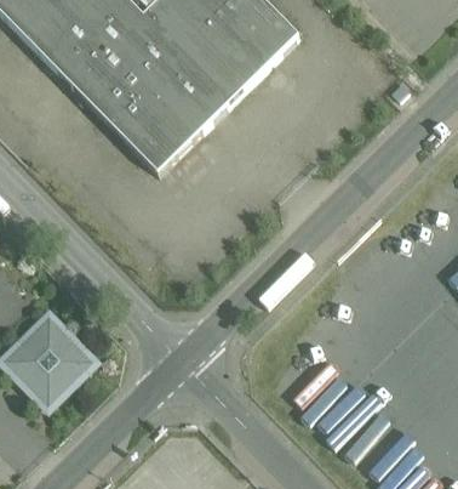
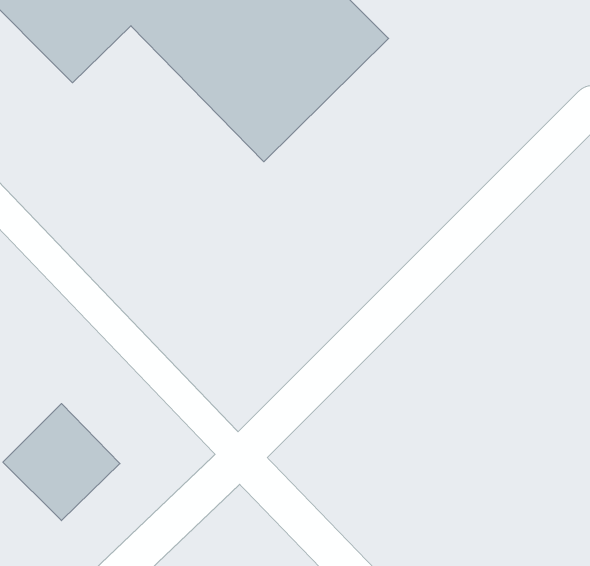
building: [57,27,204,175] -> none

